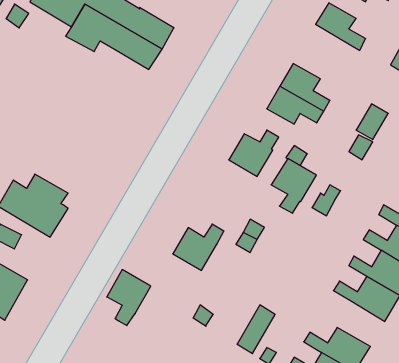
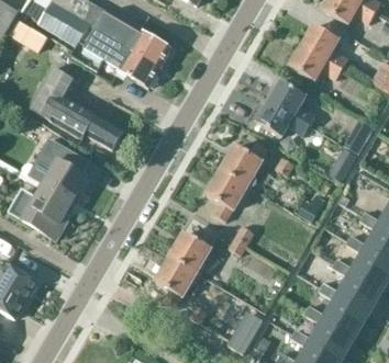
building: none -> [289,44,342,80]
building: none -> [29,68,122,147]
building: none -> [29,138,87,200]
building: [271,159,316,213] -> [205,169,247,219]
building: [107,270,151,326] -> [155,256,196,307]
building: none -> [303,299,365,341]

